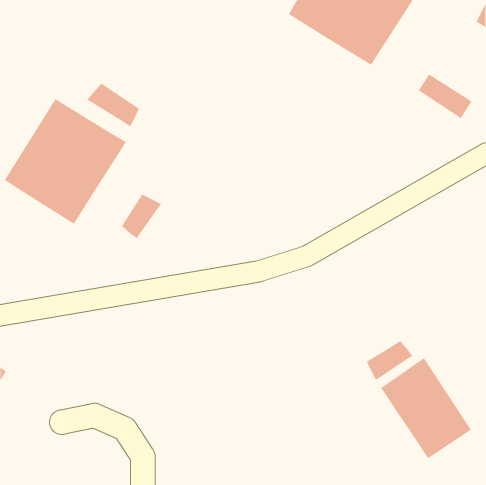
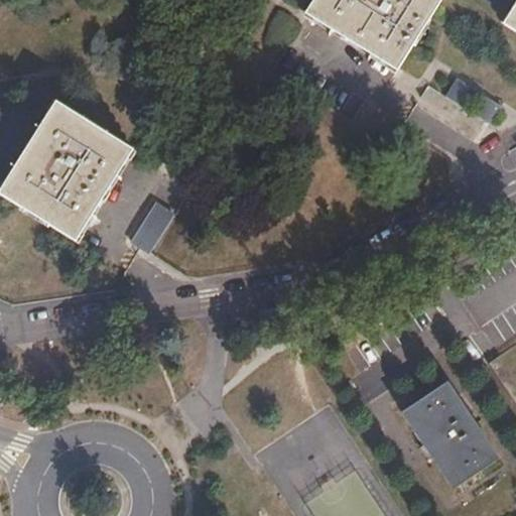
building: [86,82,140,127] -> none
building: [366,340,413,381] -> none

